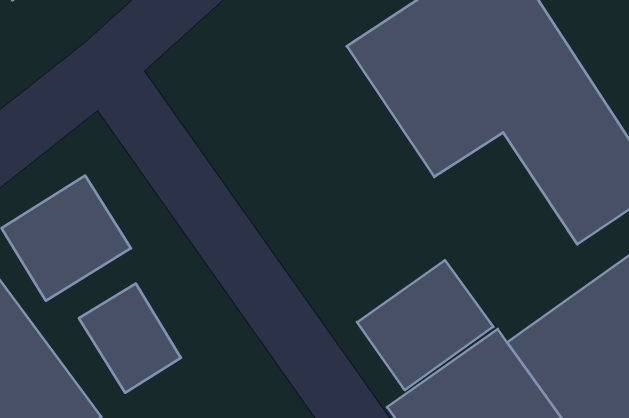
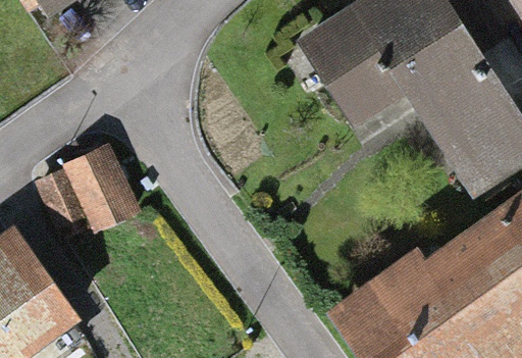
building: [357,260,493,390] -> none
building: [79,284,181,393] -> none

